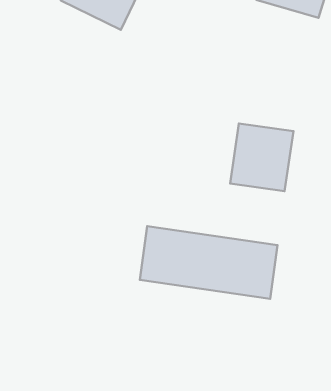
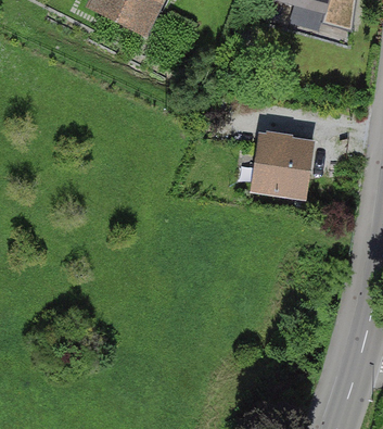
building: [140,226,277,299] -> none

